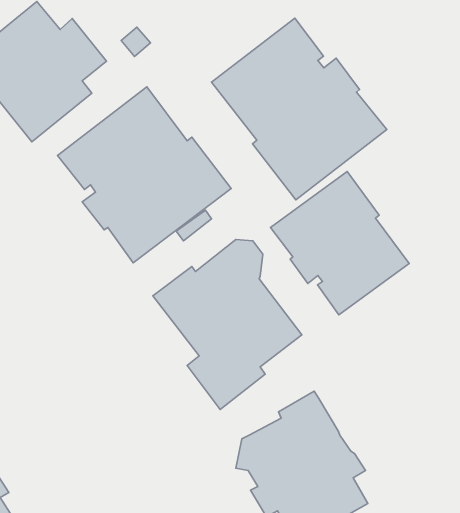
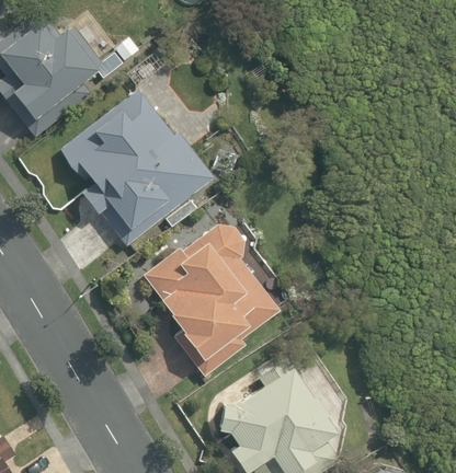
building: [212,18,387,200] -> none
building: [270,171,409,315] -> none

